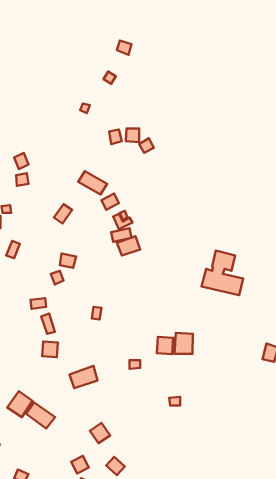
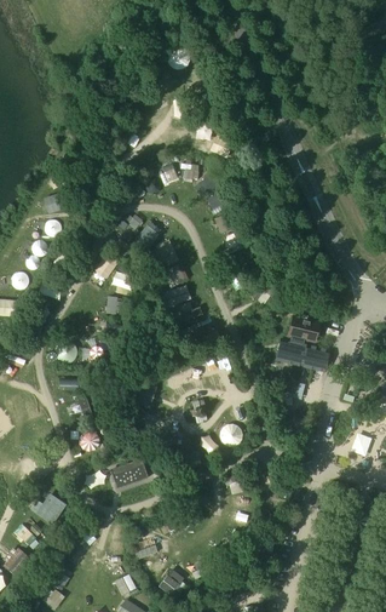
building: [174,333,193,354] -> none
building: [26,402,55,429] -> none

